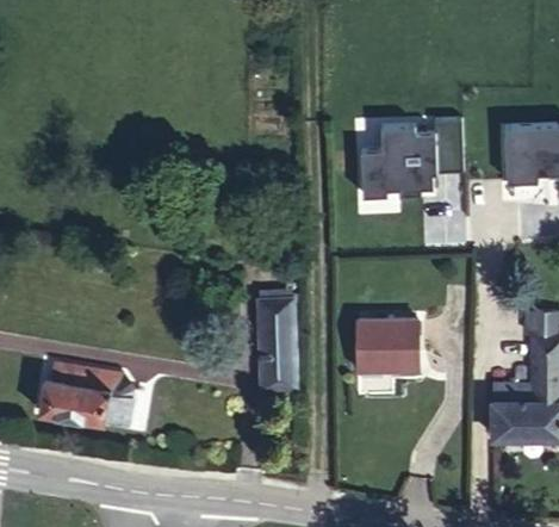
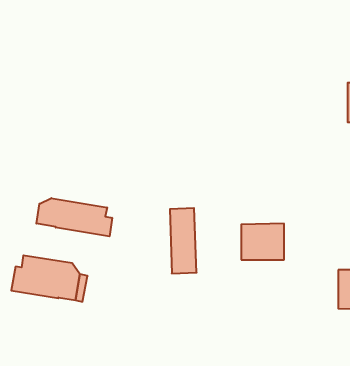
building: [359,122,462,213] -> none
building: none -> [36,198,112,236]

